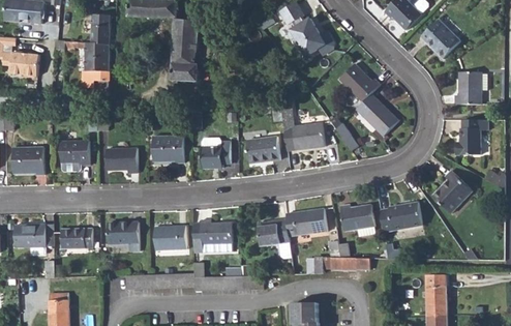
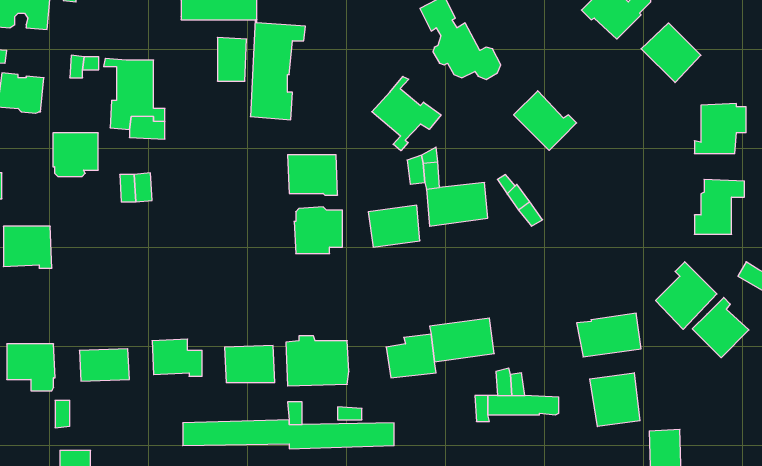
building: [91,14,110,42] -> [217,37,247,81]
building: none -> [372,76,441,151]
building: [356,92,398,136] -> none
building: [152,136,184,161] -> [288,155,338,195]
building: [60,141,89,169] -> [53,133,98,176]
building: [106,149,137,173] -> none
building: none -> [692,297,749,358]
building: [339,204,373,231] -> none
building: none -> [590,373,640,427]

